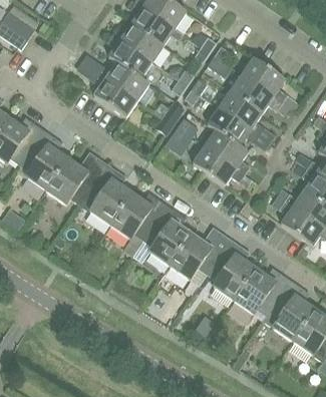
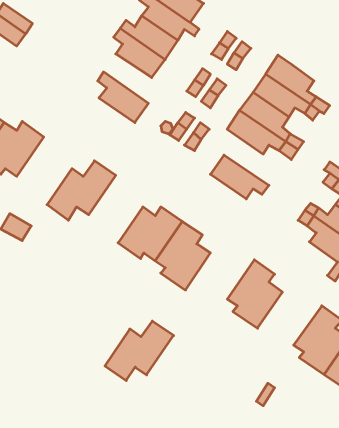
building: [97,56,149,100] -> none
building: [205,123,250,173] -> none
building: [20,130,69,190] -> none
building: [84,164,132,225] -> none
building: [171,227,232,280] -> [105,321,174,381]
building: [235,268,292,316] -> none

